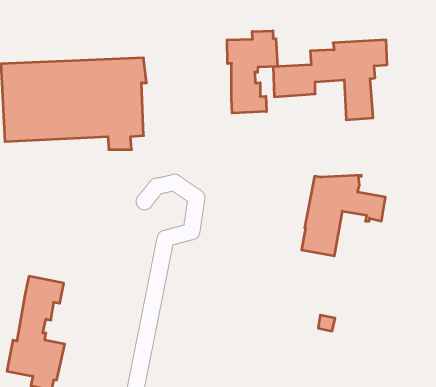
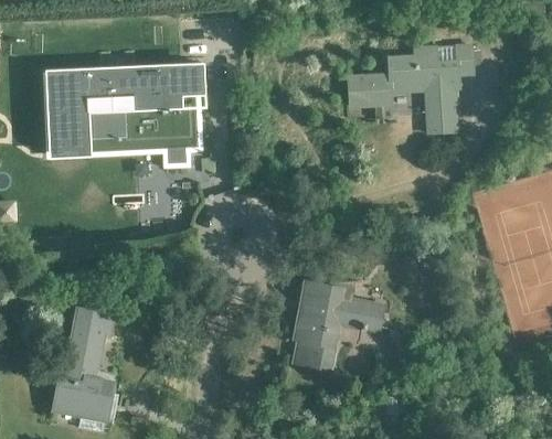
building: [227,31,277,113] -> none
building: [302,175,385,256] -> [290,279,383,368]

